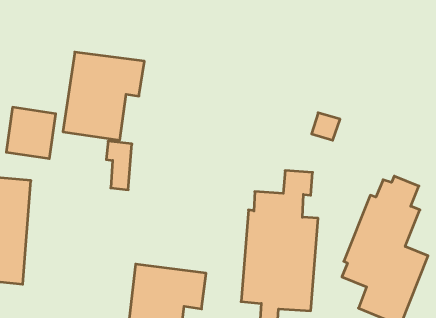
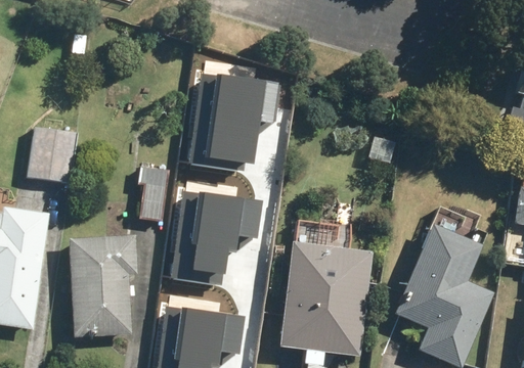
building: [63,52,144,140] -> [188,73,279,171]
building: none -> [172,188,261,281]
building: none -> [69,234,136,334]

